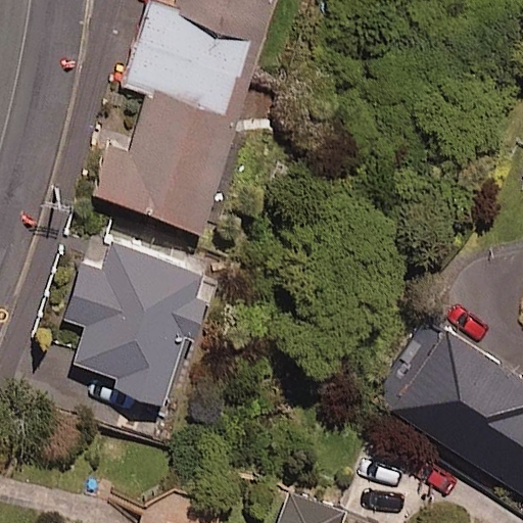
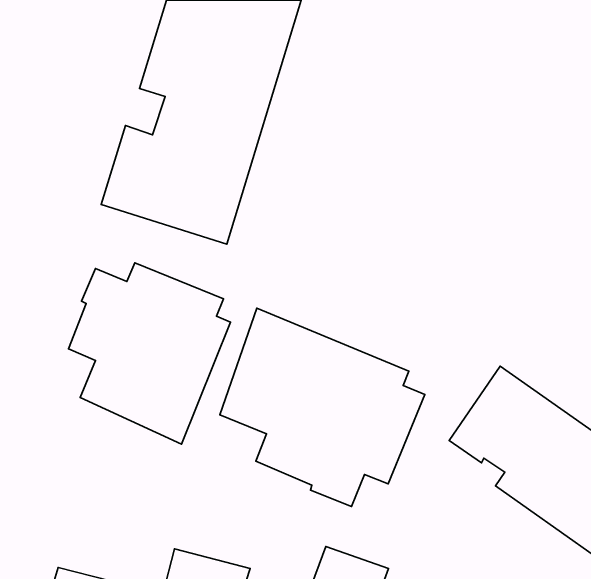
building: none -> [220,308,425,506]

